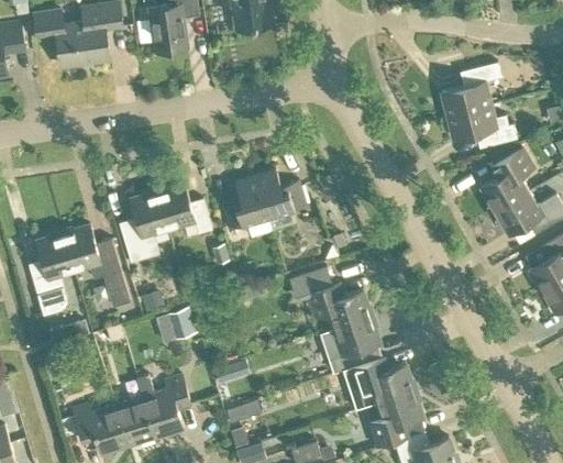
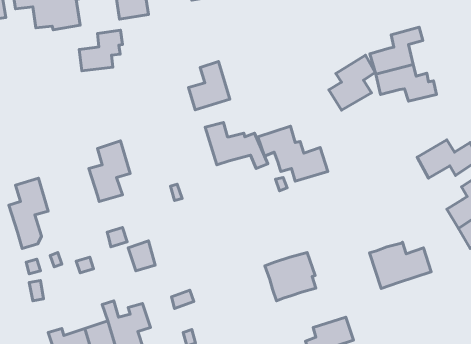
building: none -> [79,30,123,71]
building: [481,147,533,210] -> [329,55,375,110]
building: [219,176,266,231] -> [189,62,230,110]
building: [156,184,211,236] -> none
building: [63,225,130,306] -> none
building: [289,267,369,330] -> [258,126,328,181]
building: [343,359,413,411] -> [370,242,431,288]

